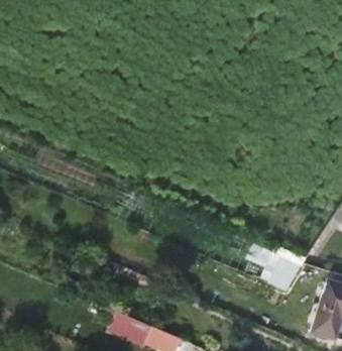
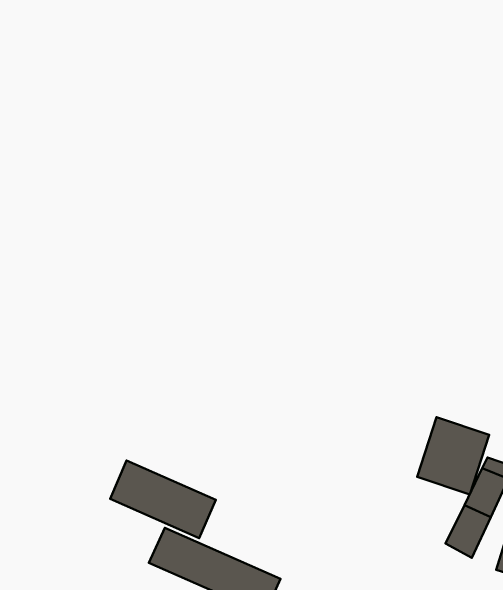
building: none -> [110,460,216,538]

